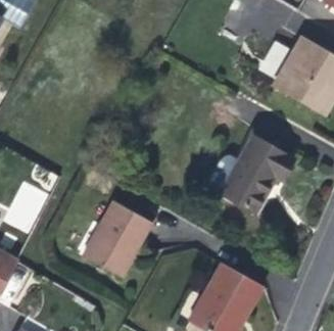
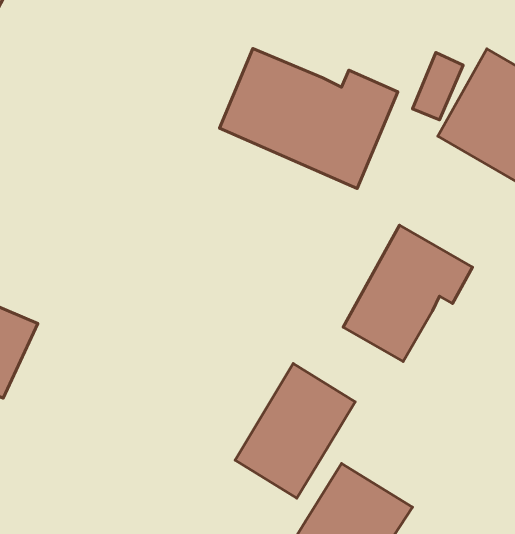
building: none -> [219,48,398,189]
building: [81,204,148,280] -> [235,364,355,498]

